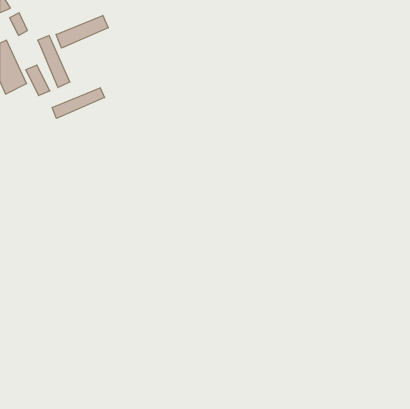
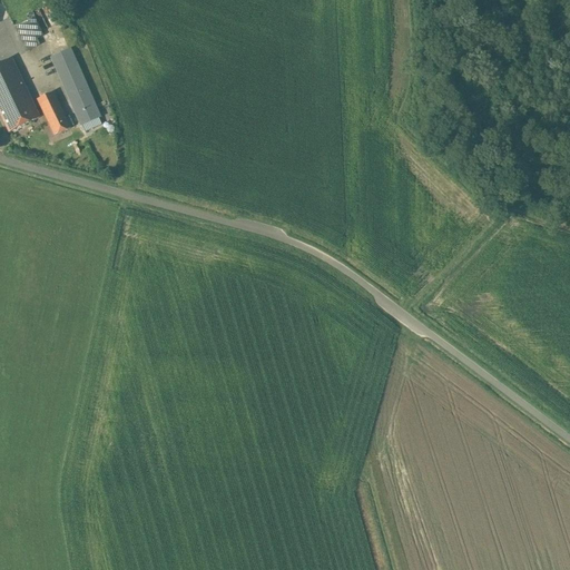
building: [56,15,108,48] -> none
building: [52,88,105,118] -> none

